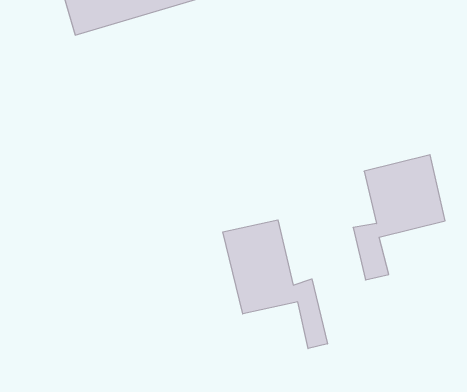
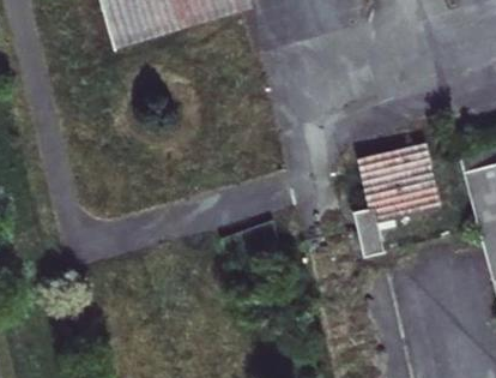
building: [223,220,327,349] -> none

